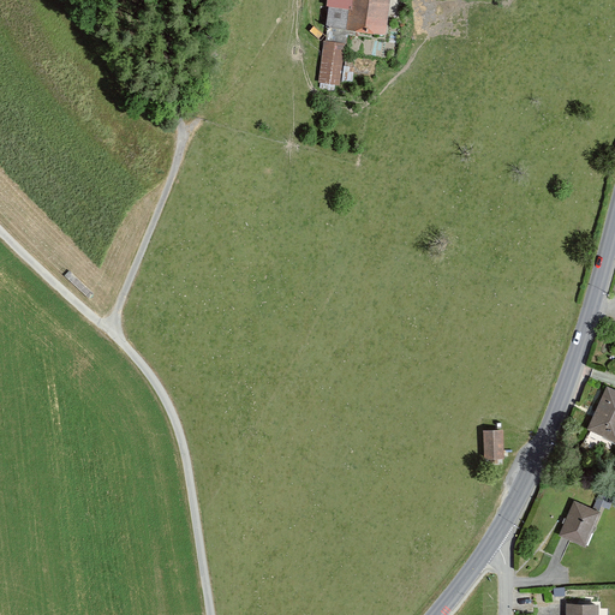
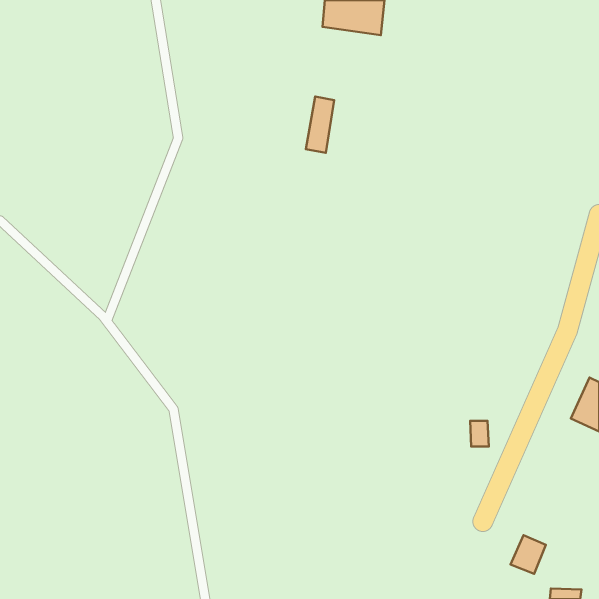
building: [322,30,351,88] -> [306,97,334,153]
building: [559,503,595,543] -> [511,535,546,574]

